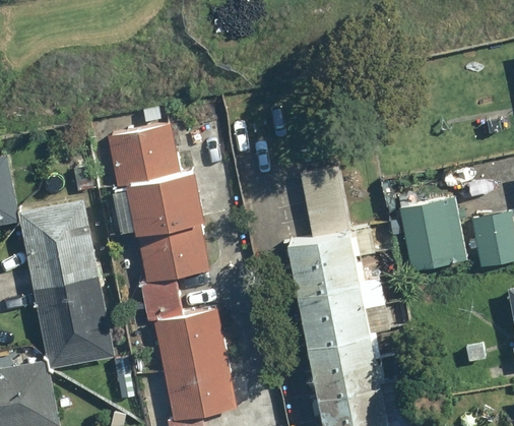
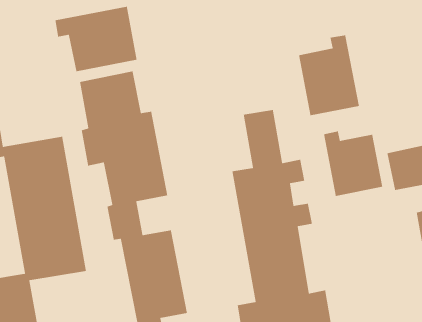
building: none -> [55,6,138,72]
building: none -> [298,34,360,116]

